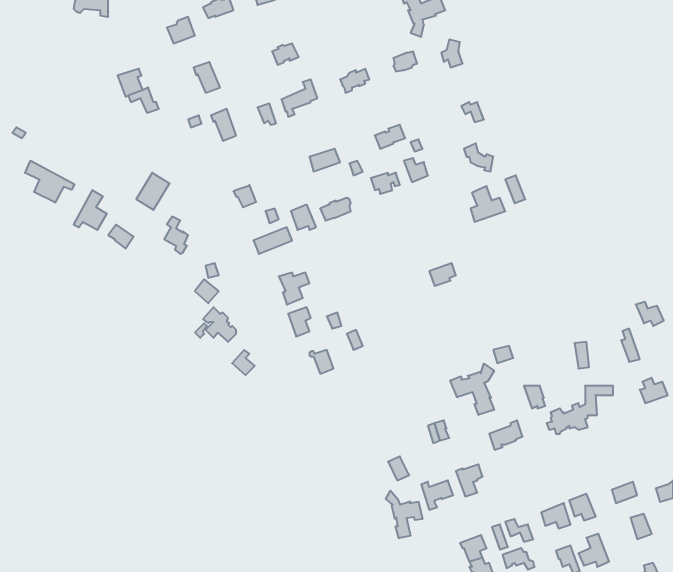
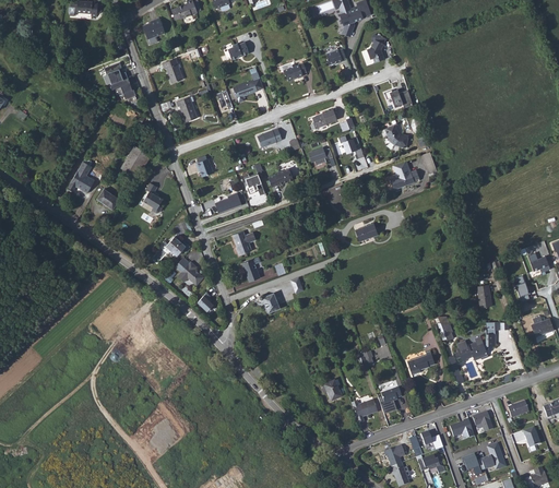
building: [25,161,75,203] -> none
building: [450,364,494,415] -> none
building: [386,491,422,538] -> none

